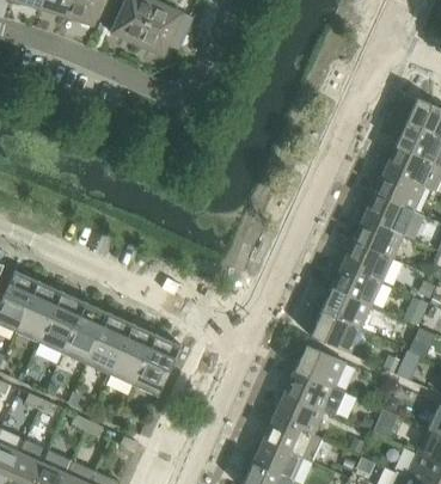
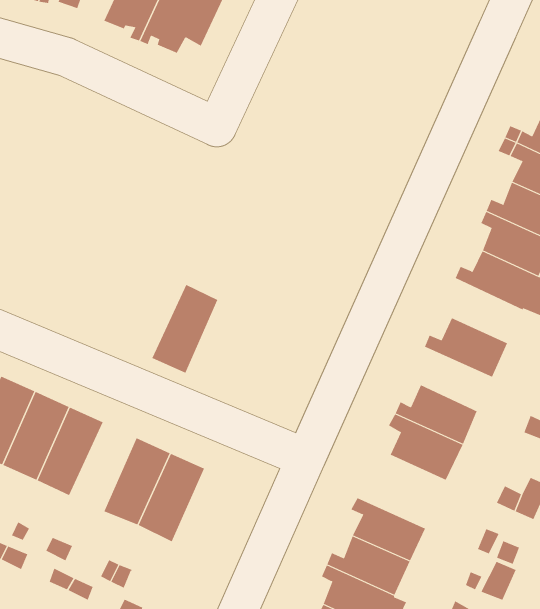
building: [353,213,404,258] -> none
building: [331,261,382,306] -> none
building: [87,313,134,375] -> [151,284,218,373]
building: [288,344,347,387] -> none

